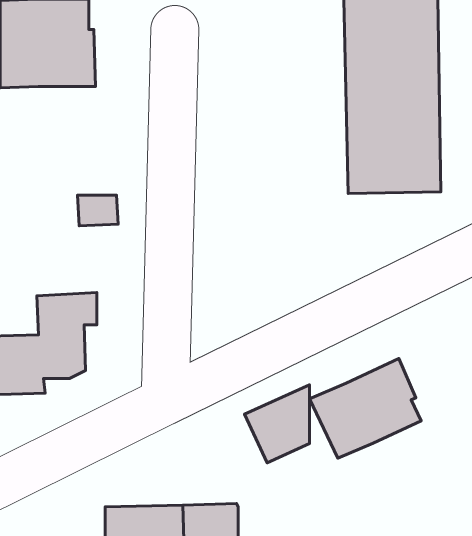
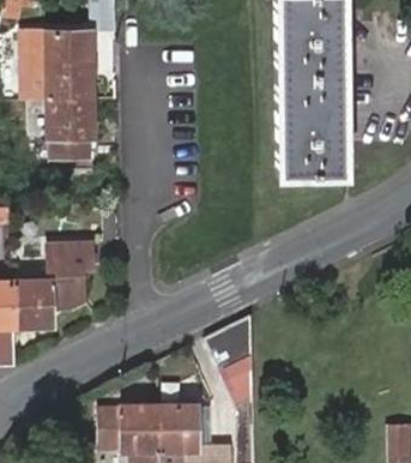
building: none -> [53,97,96,162]
building: [309,358,421,458] -> none

